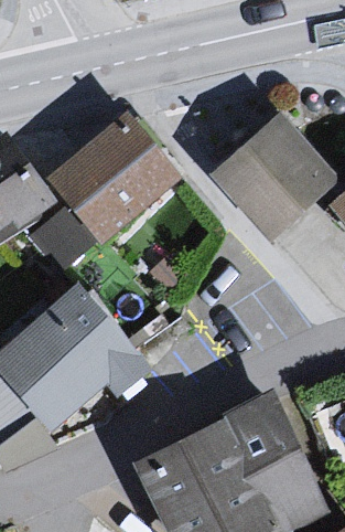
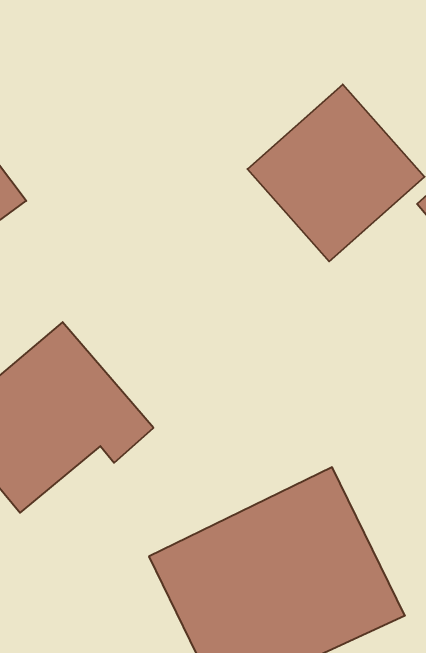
building: [51,117,175,238] -> none

